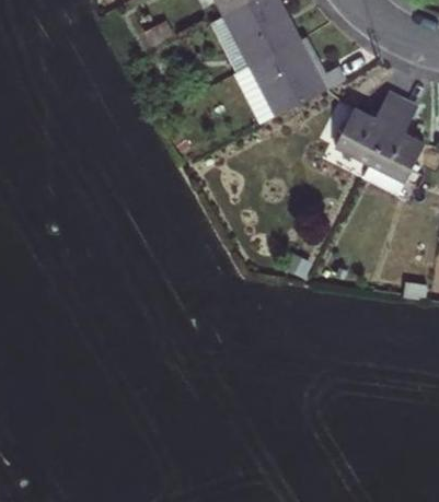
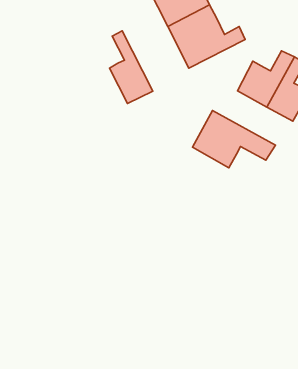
building: none -> [109,31,153,104]
building: none -> [193,111,276,168]

